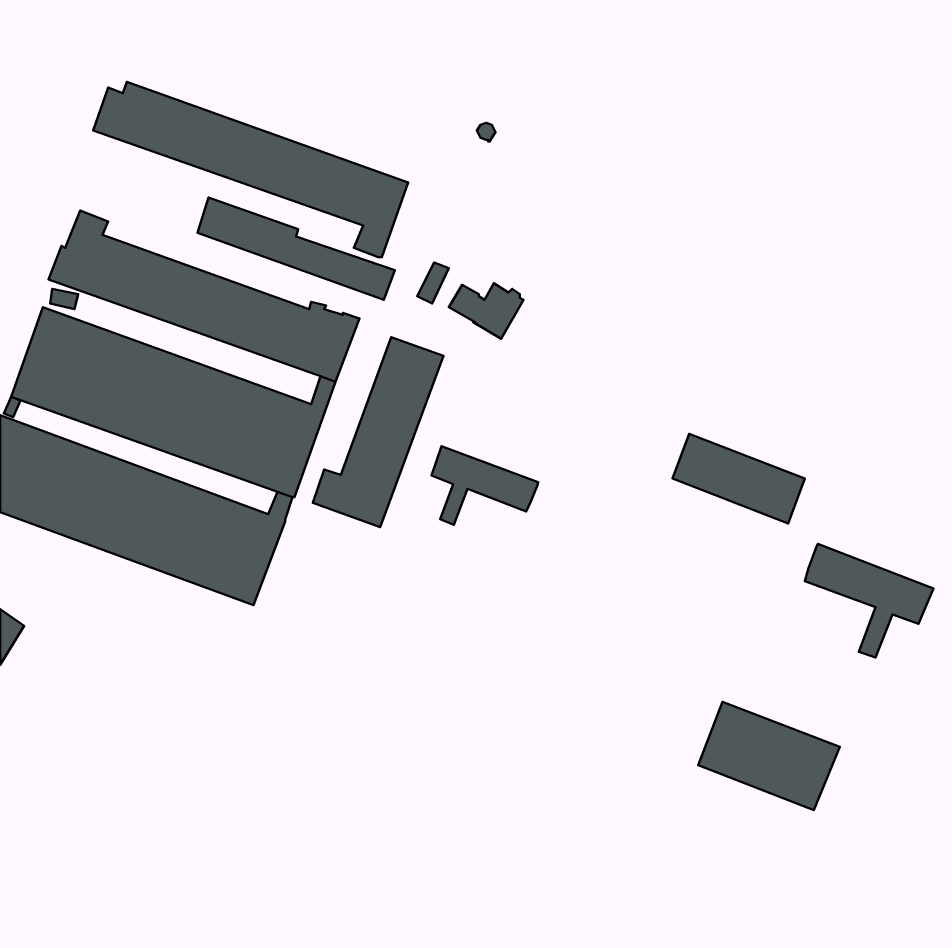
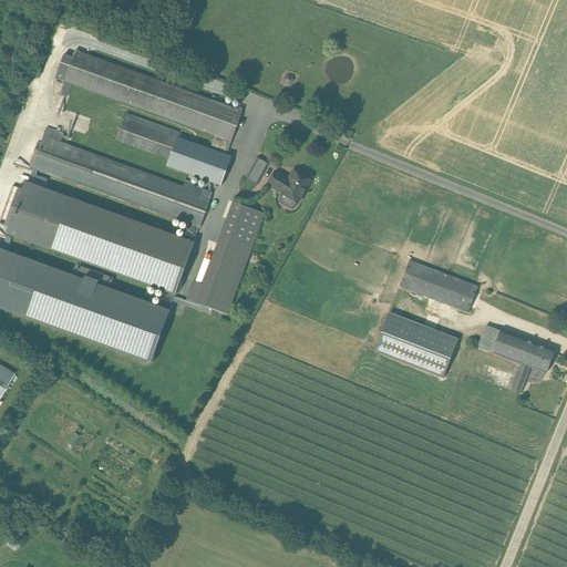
building: [432,446,538,525] -> none
building: [698,702,840,810] -> [374,311,458,375]

